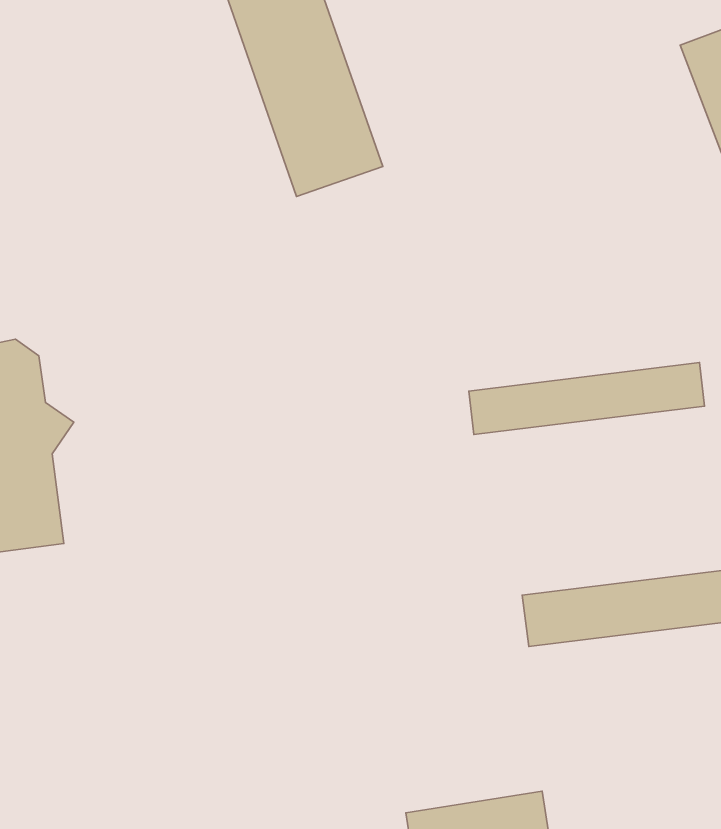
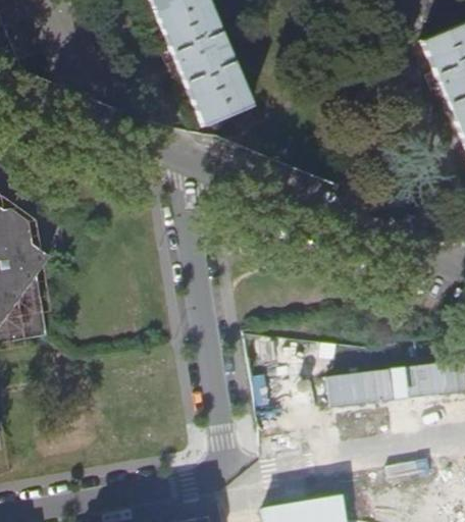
building: [469,363,705,435] -> none

